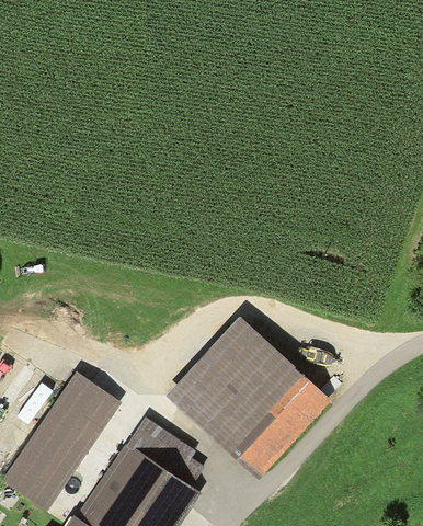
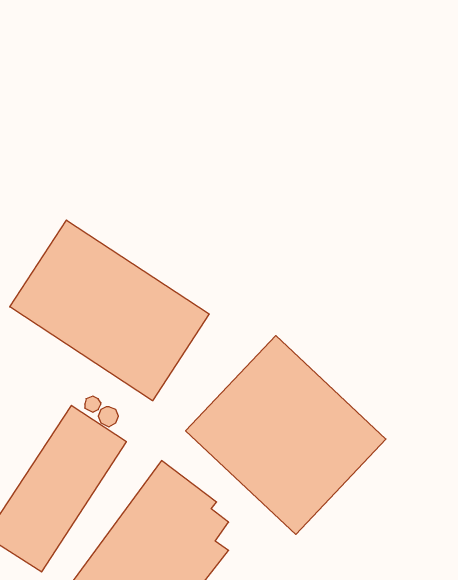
building: none -> [10,220,209,401]

